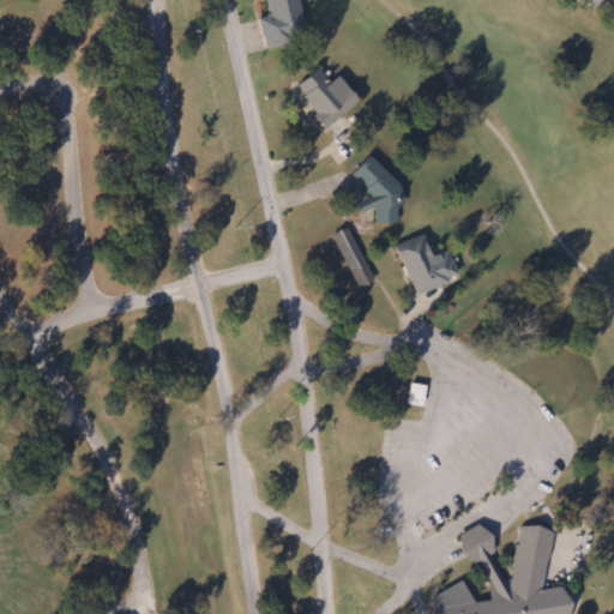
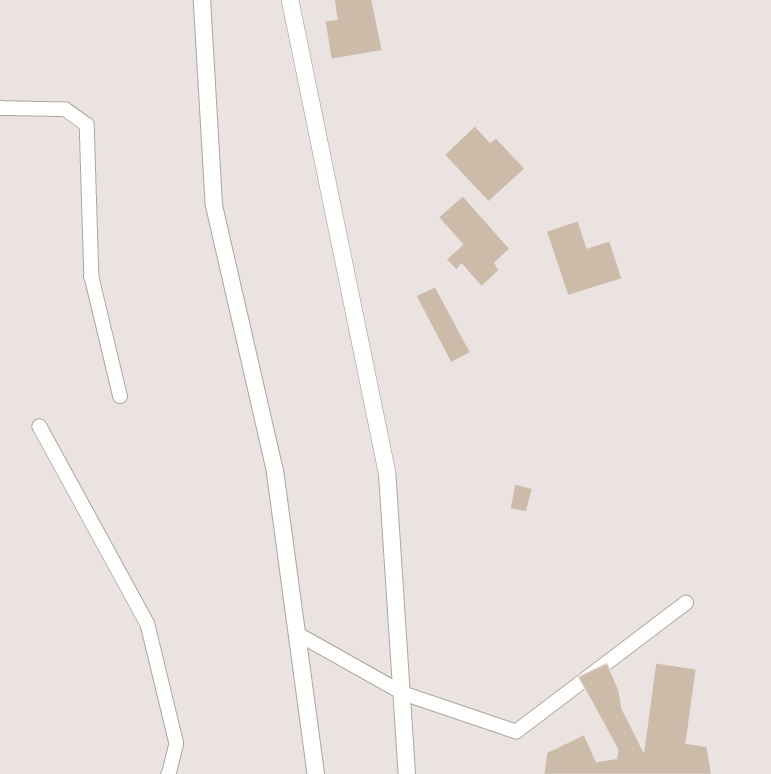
building: [295,66,359,126] -> [445,126,525,202]
building: [396,234,456,293] -> [546,221,622,295]

